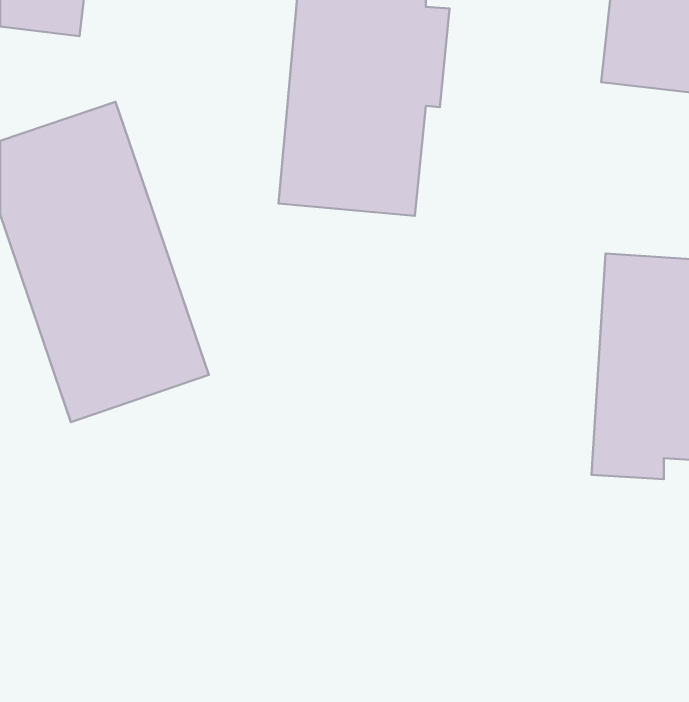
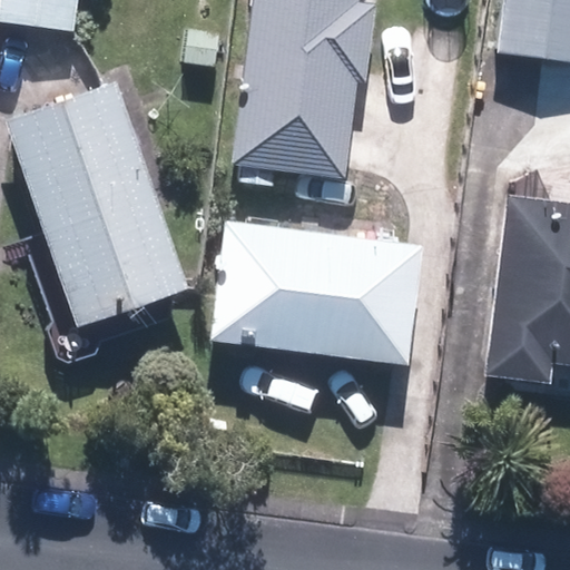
building: none -> [206,220,421,360]

